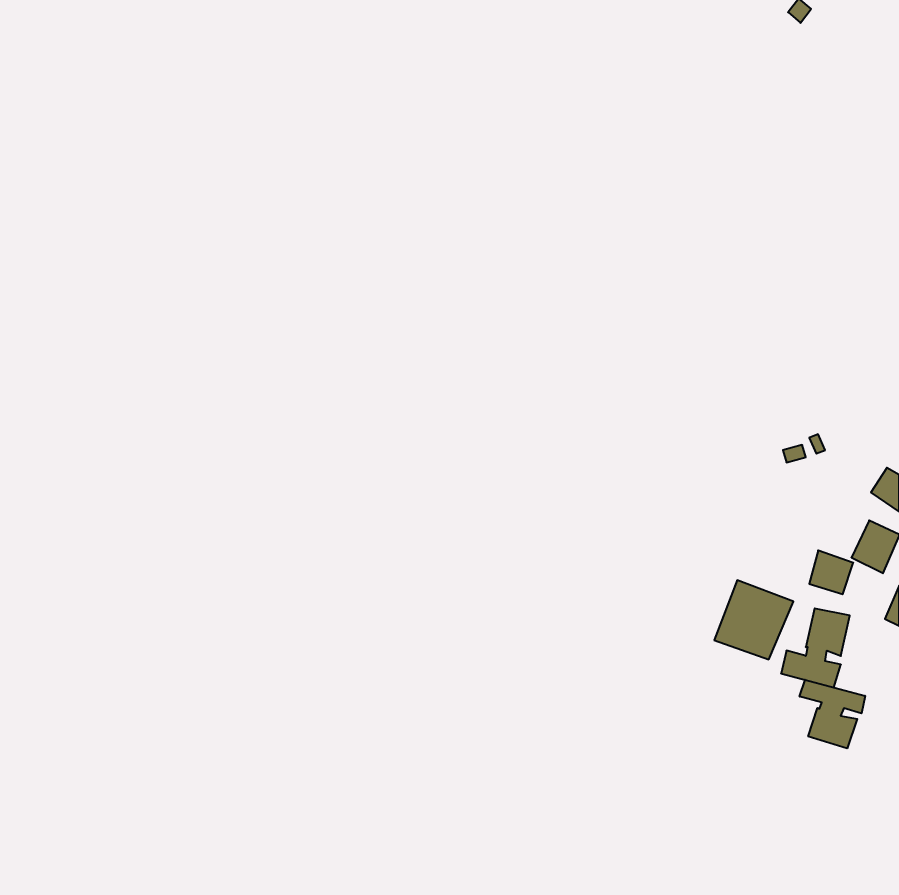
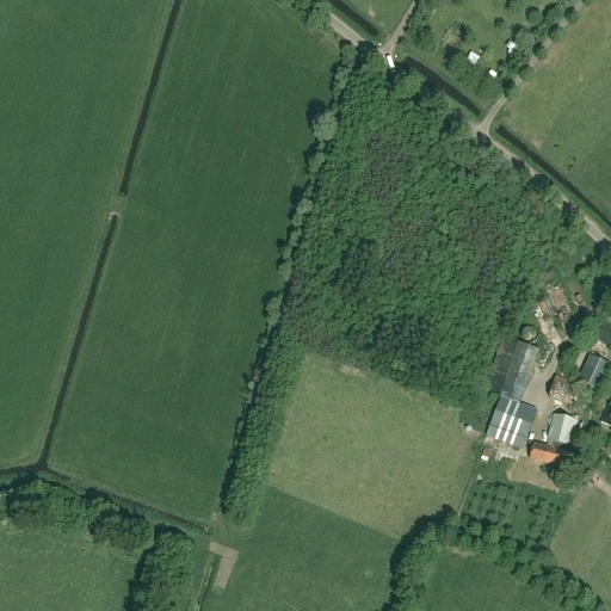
building: none -> [485,335,539,401]
building: [800,680,865,748] -> none

